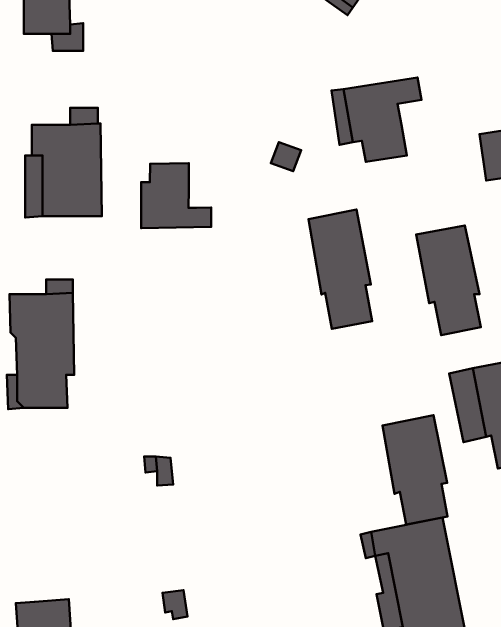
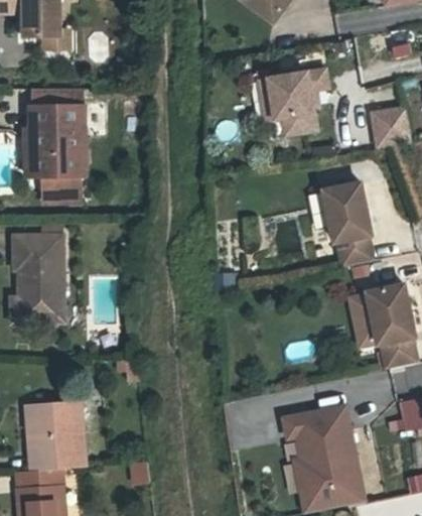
building: [141,163,211,228] -> none
building: [308,210,372,329] -> none
building: none -> [42,174,81,202]
building: [382,415,448,524] -> none
building: none -> [27,402,83,469]

